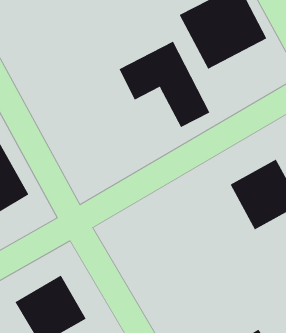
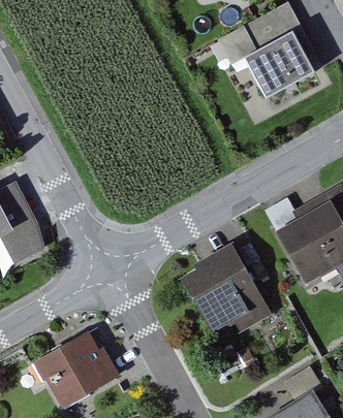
building: [119,41,210,128] -> none
building: none -> [189,249,267,334]

